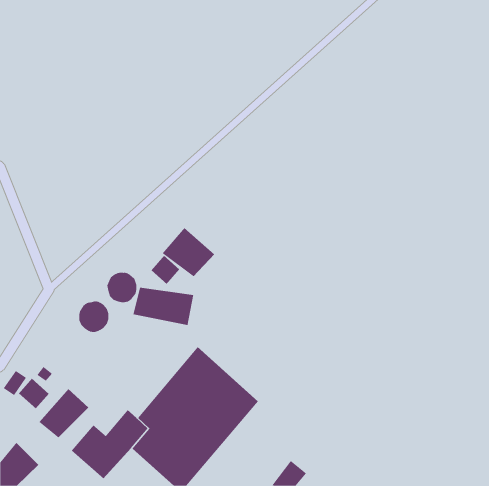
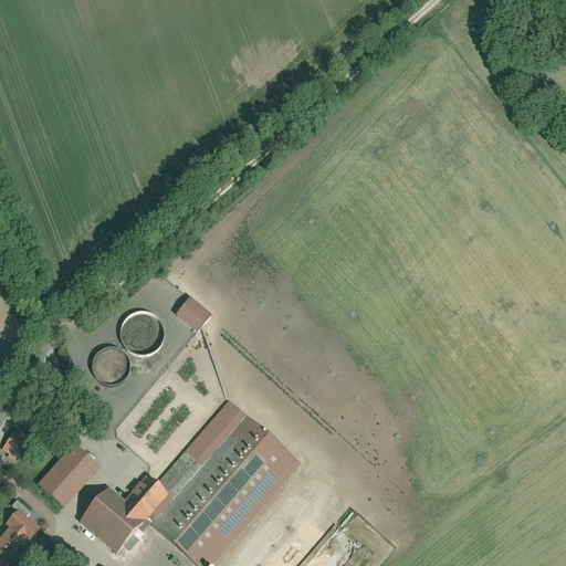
building: [162,227,215,277] -> none
building: [133,287,194,326] -> none
building: [18,378,49,409] -> none

